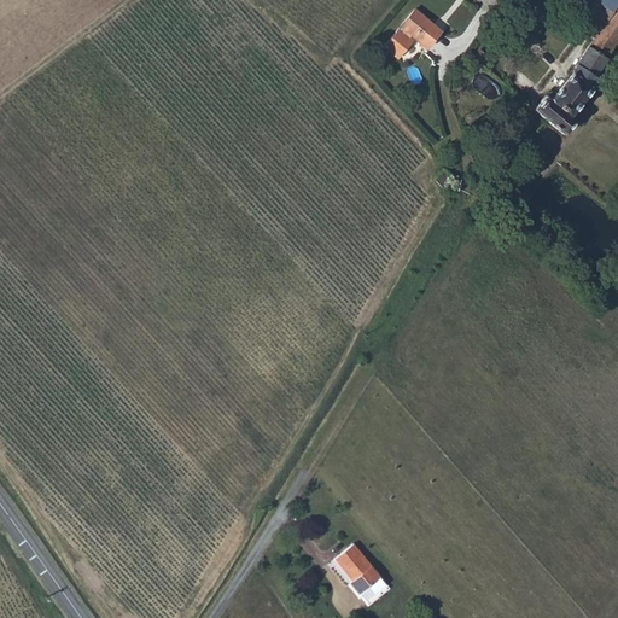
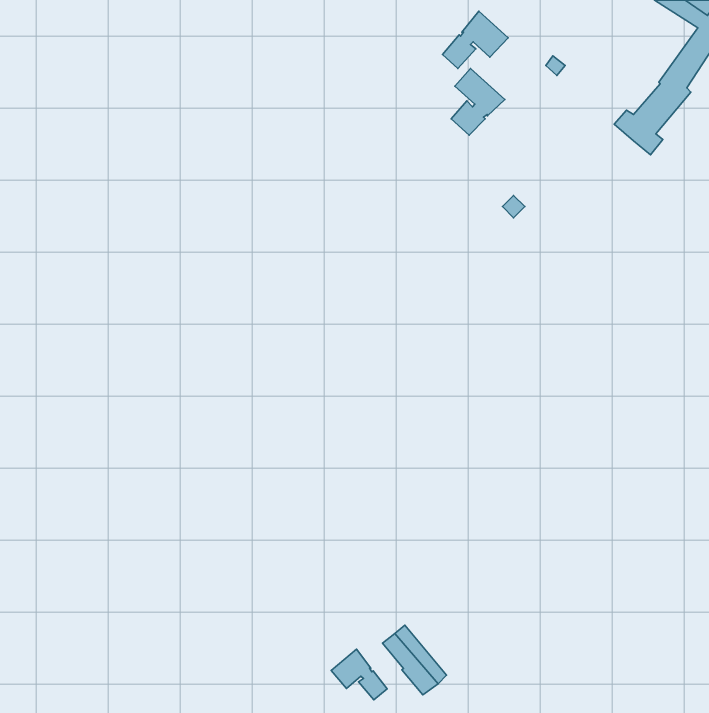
building: none -> [451,68,505,135]
building: none -> [331,649,387,700]

